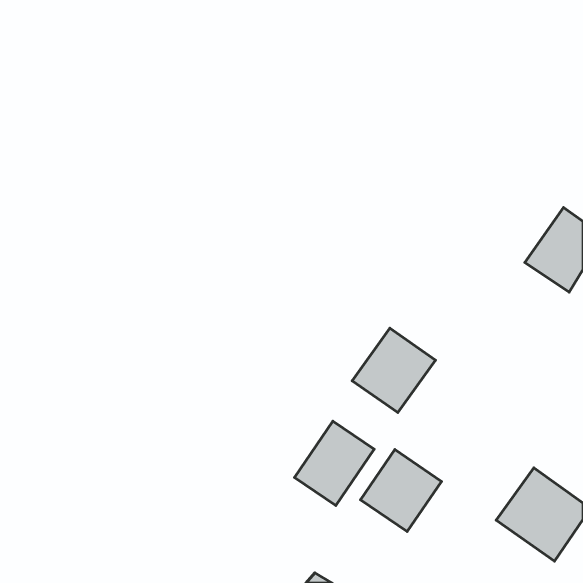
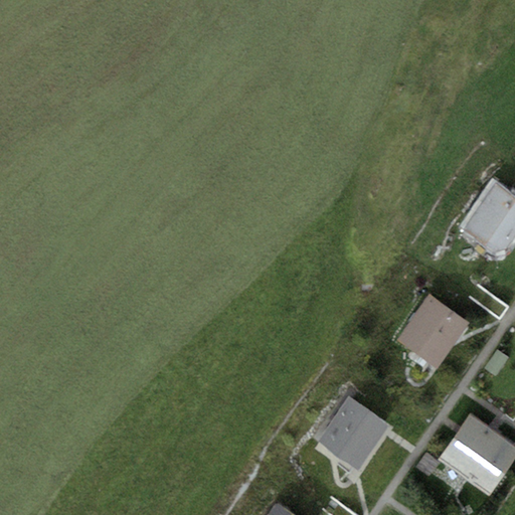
building: [352,328,435,413] -> [396,294,470,368]
building: [294,421,374,506] -> none

